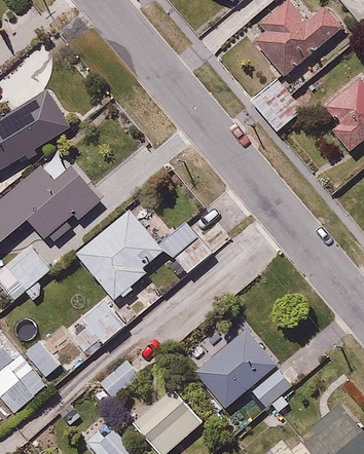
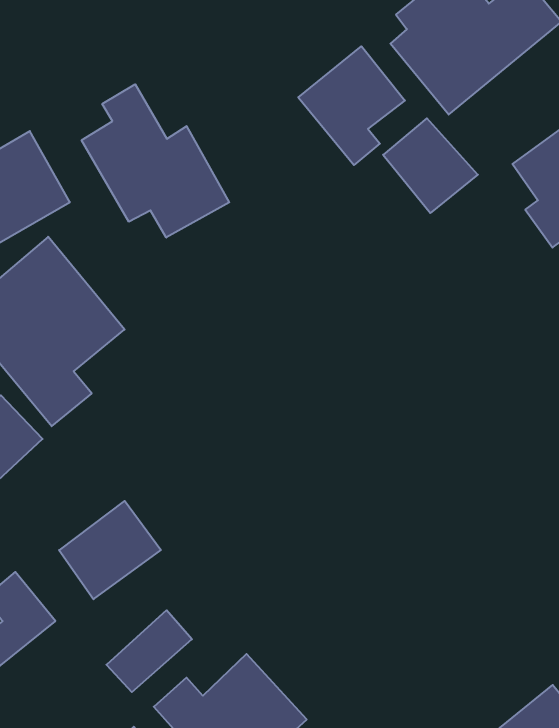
building: none -> [298,46,405,165]
building: none -> [82,84,229,238]
building: [74,205,213,300] -> none
building: [193,325,295,419] -> none

